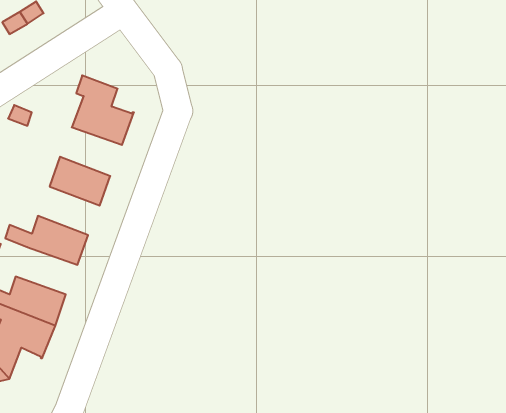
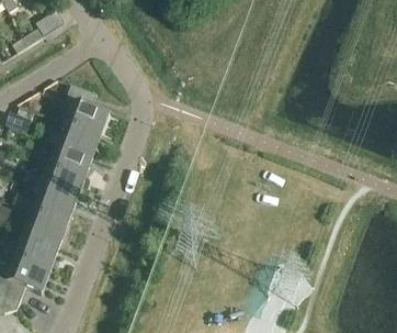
building: none -> [53,120,99,156]
building: none -> [36,164,82,200]
building: none -> [20,209,66,244]

